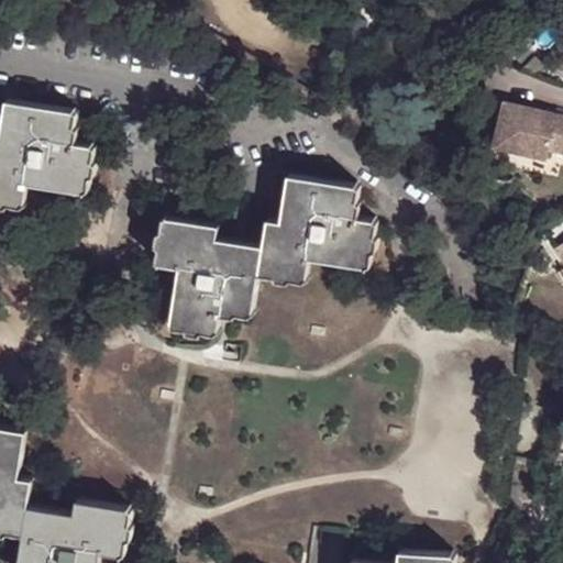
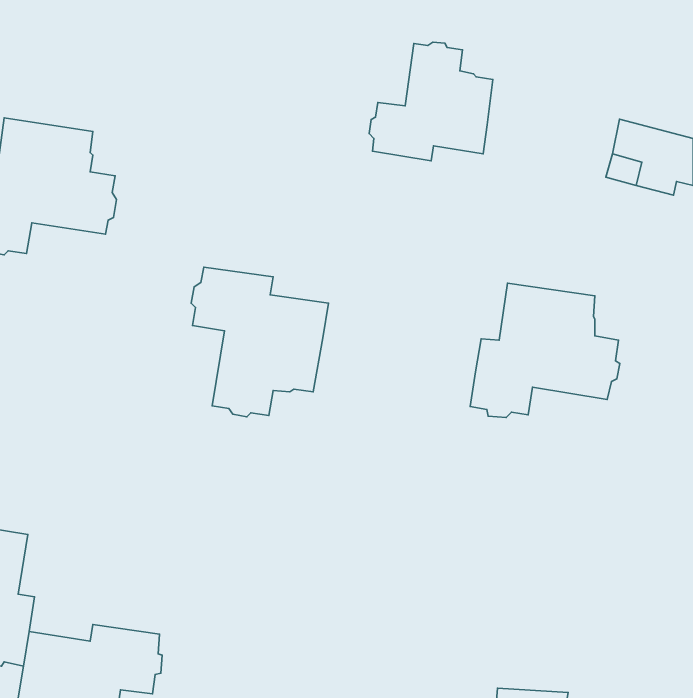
building: none -> [369,42,493,161]
building: [256,178,375,285] -> [470,283,620,418]

